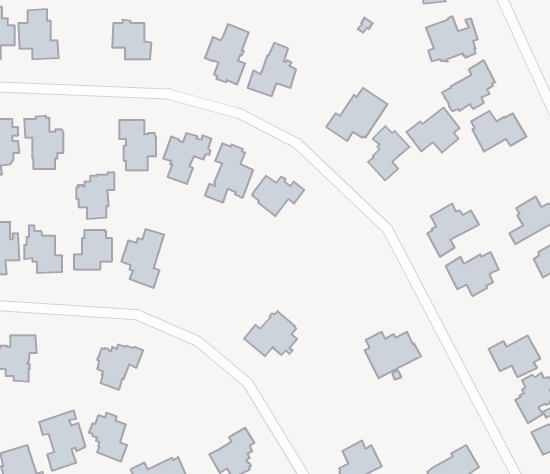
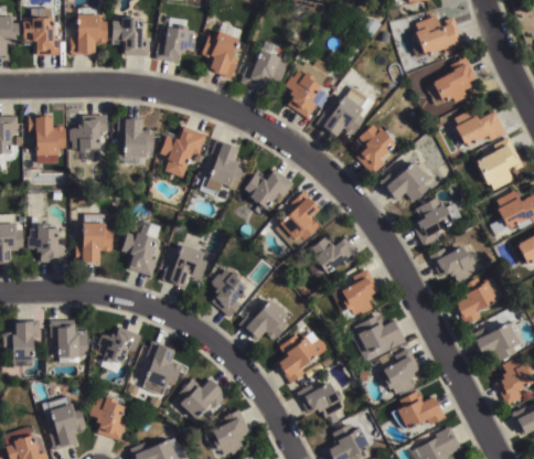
building: none -> [70,10,107,60]
building: none -> [156,20,196,65]
building: none -> [285,62,329,117]
building: [406,108,460,153] -> [378,158,429,201]
building: none -> [476,141,524,189]
building: [76,173,114,219] -> [70,114,106,158]
building: none -> [274,190,319,245]
building: none -> [308,234,360,276]
building: none -> [161,243,207,288]
building: none -> [210,268,244,317]
building: none -> [330,275,378,320]
building: none -> [455,276,496,324]
building: none -> [50,320,88,362]
building: none -> [276,330,327,383]
building: none -> [142,341,182,395]
building: none -> [382,354,419,394]
building: none -> [175,377,227,420]
building: none -> [296,381,342,424]
building: none -> [391,393,445,429]

